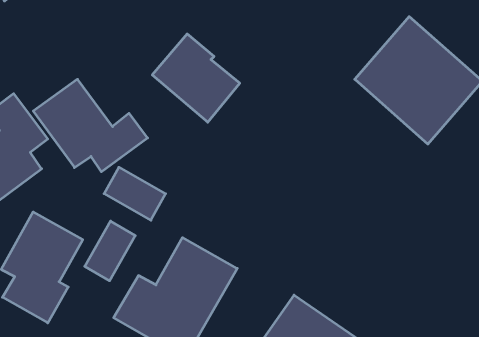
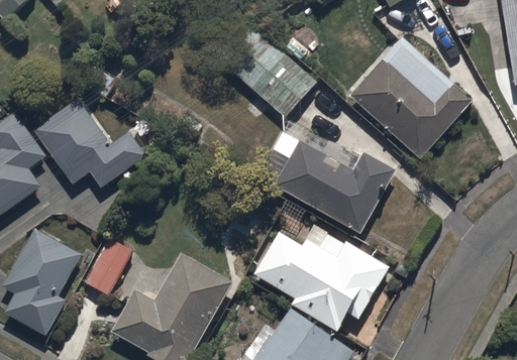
building: [152,34,240,122] -> [233,31,319,118]
building: none -> [261,130,394,232]
building: [104,167,166,220] -> none
building: none -> [252,231,390,332]

